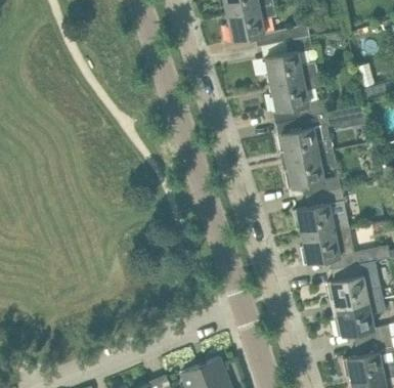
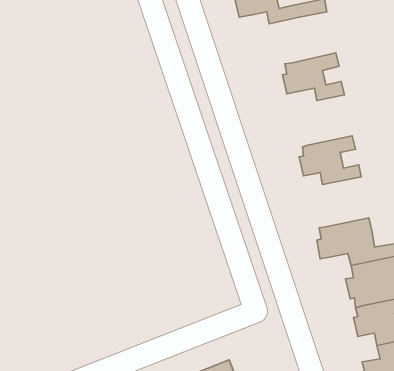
building: [262,36,318,84] -> none
building: [277,105,365,161] -> none
building: [294,188,349,235] -> none

